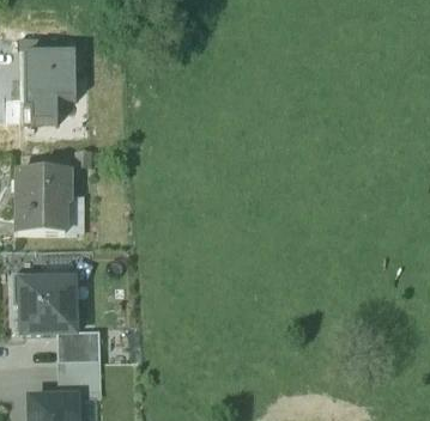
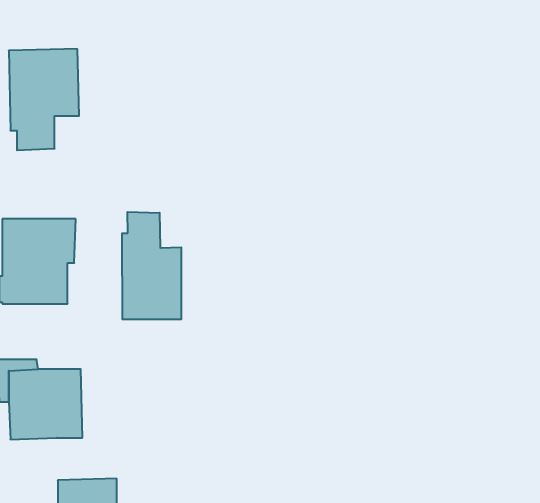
building: none -> [122,212,181,319]
building: [56,330,101,362] -> none

